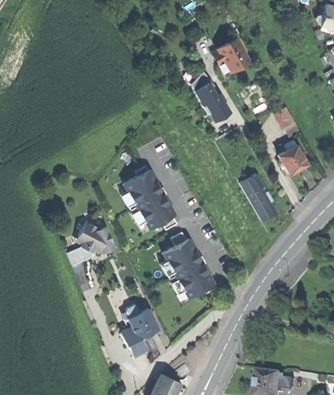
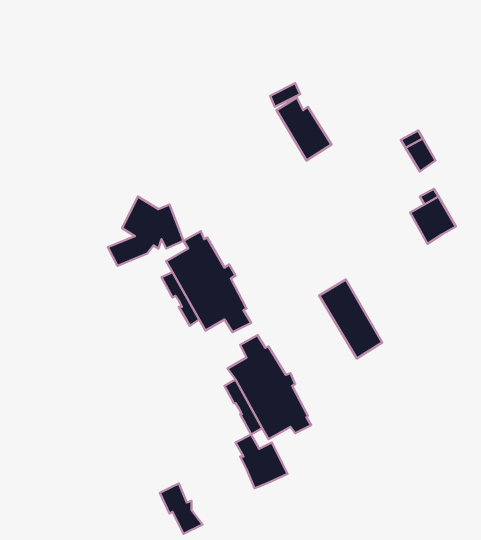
building: [213,31,248,70] -> none
building: [236,171,276,221] -> [319,280,382,358]
building: [64,220,112,264] -> [108,197,184,266]
building: [124,304,157,338] -> [235,435,287,488]

